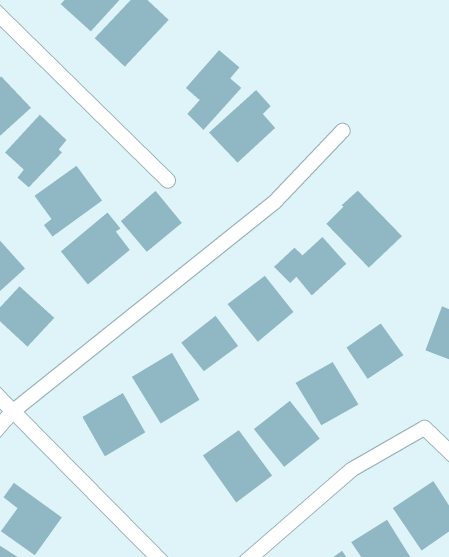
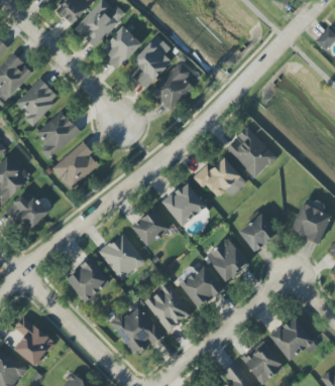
building: none -> [101,26,141,67]
building: [120,190,183,253] -> none
building: none -> [109,307,163,355]

